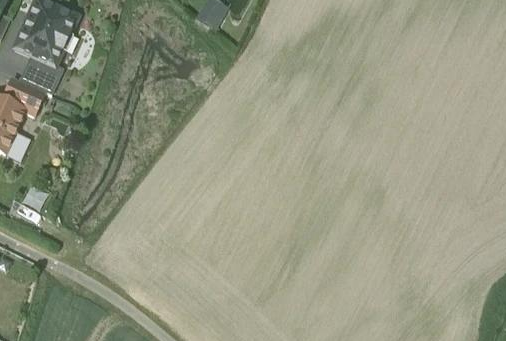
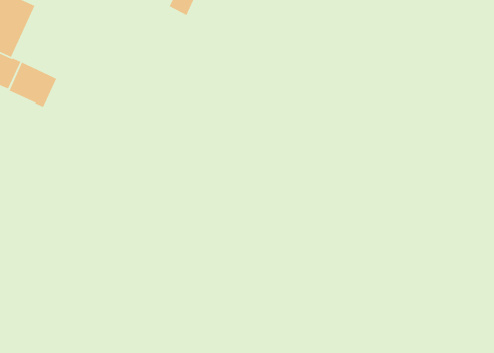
building: none -> [9,62,57,108]

